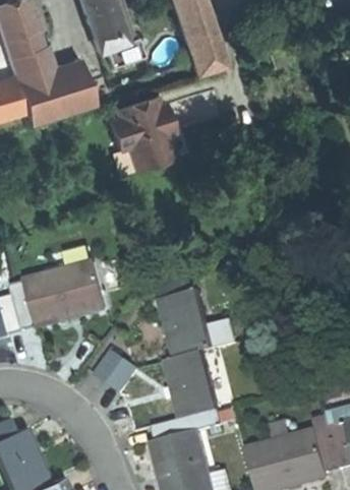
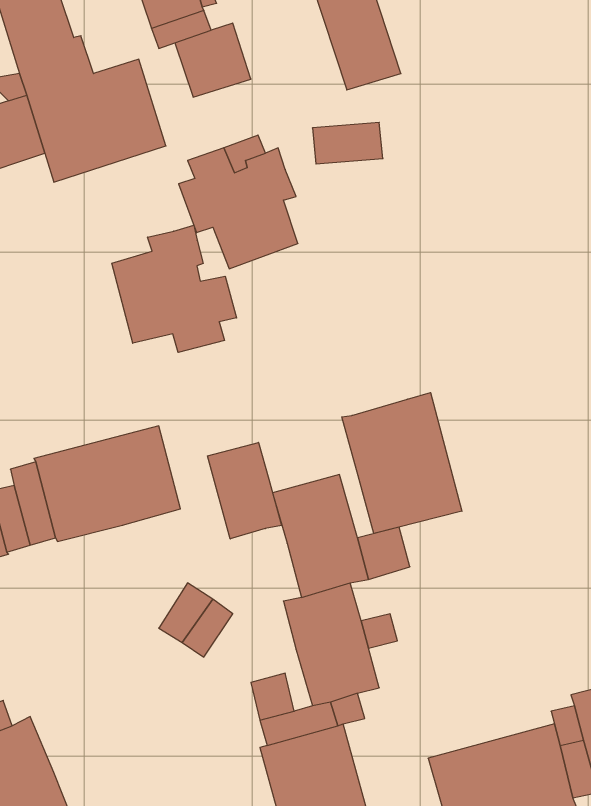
building: none -> [112,225,237,352]
building: none -> [342,393,462,533]
building: none -> [207,442,281,539]

